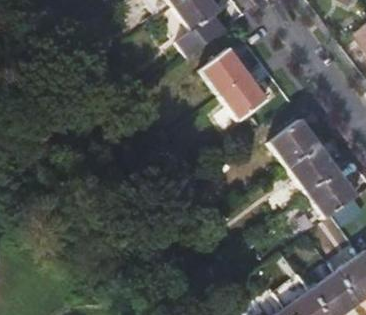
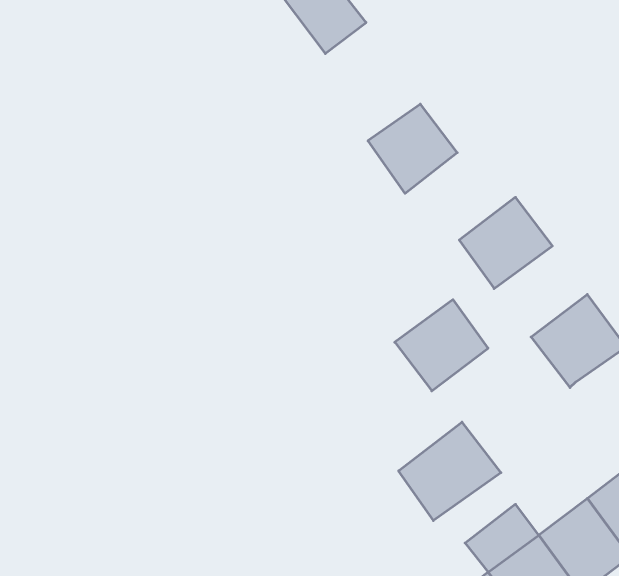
building: [202,44,249,90] -> none
building: [287,144,335,191] -> [395,300,488,391]
building: none -> [399,422,501,521]

